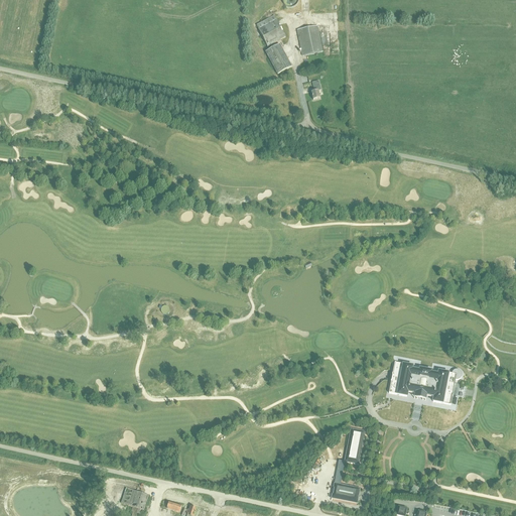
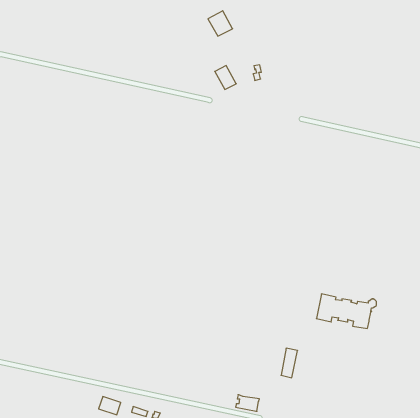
building: [297,24,322,54] -> none
building: [265,43,291,73] -> [215,66,236,89]
building: [331,482,360,502] -> [236,395,259,411]

